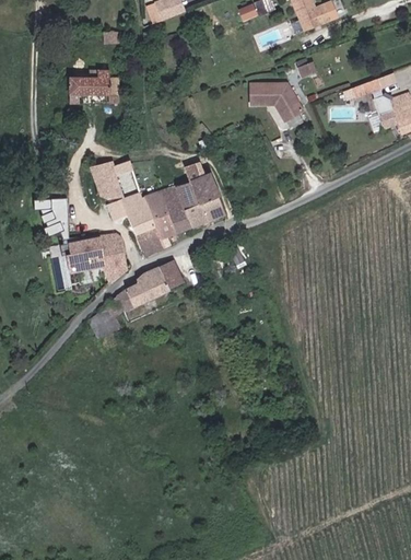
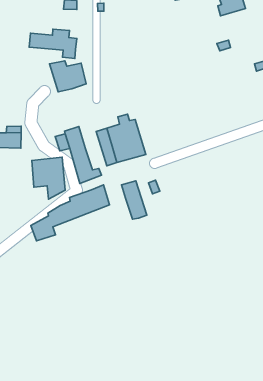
building: [250,82,302,120] -> none
building: [89,162,137,201] -> [49,61,86,92]
building: [141,192,176,241] -> [122,181,147,219]
building: [59,236,87,273] -> none

